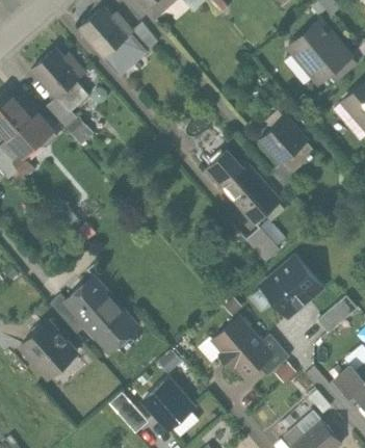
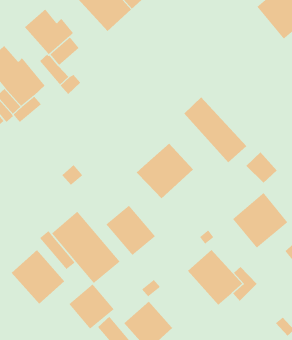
building: [260,115,309,164] -> none
building: none -> [136,143,194,199]
building: [246,223,282,259] -> [246,152,278,184]
building: none -> [106,205,156,256]
building: none -> [68,284,114,330]

